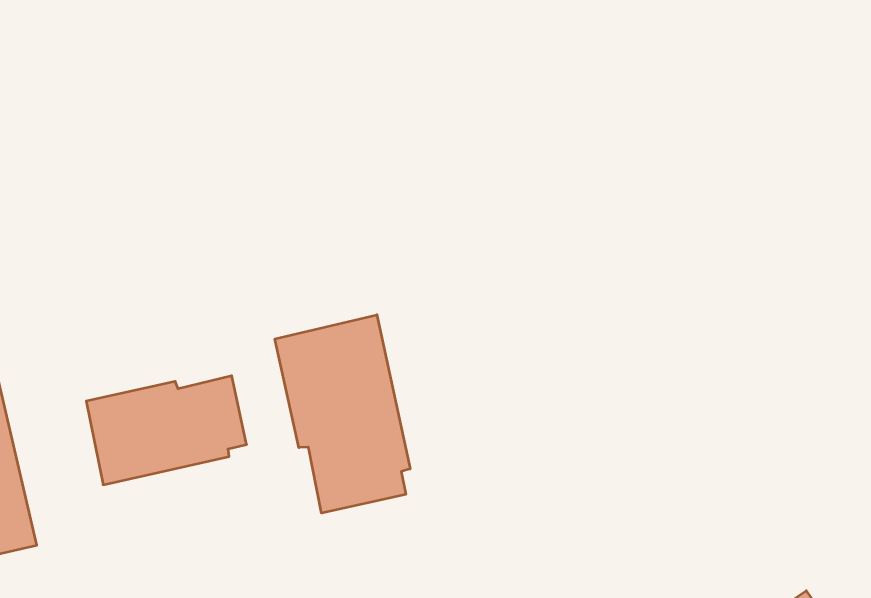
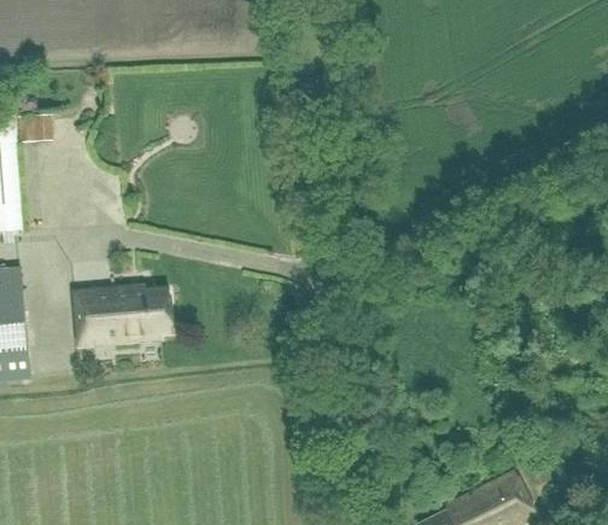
building: [275,315,410,513] -> none

